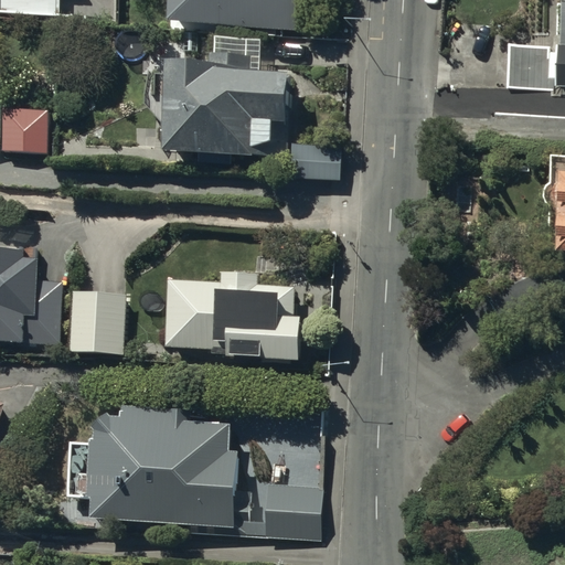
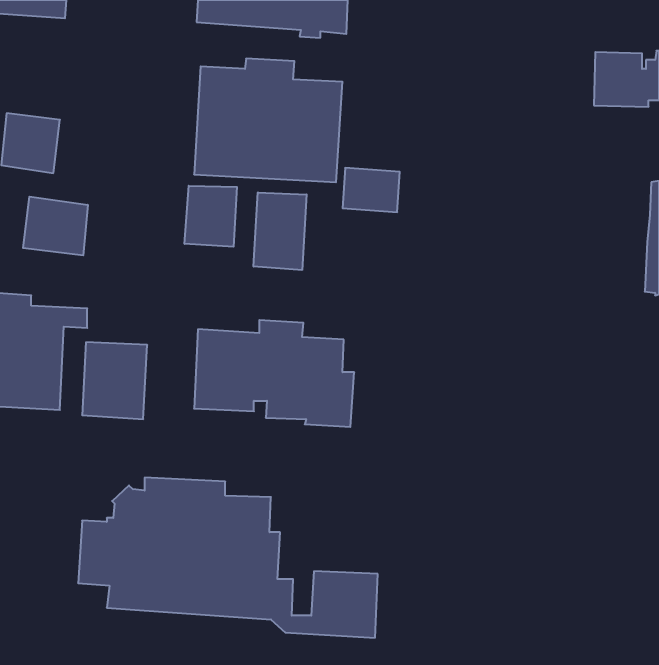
building: none -> [185,186,237,247]
building: none -> [254,192,307,270]
building: none -> [23,197,88,255]

